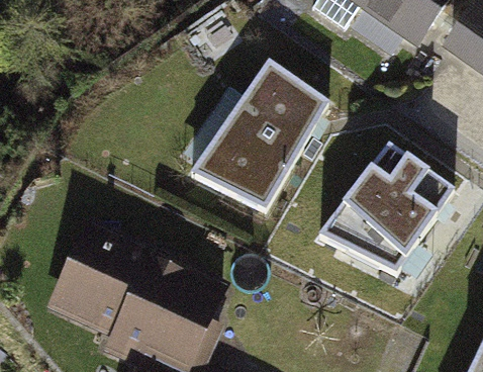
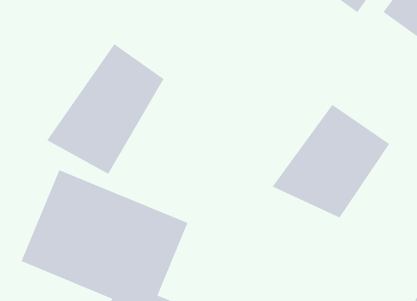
building: [195,64,323,206] -> [46,43,165,175]

